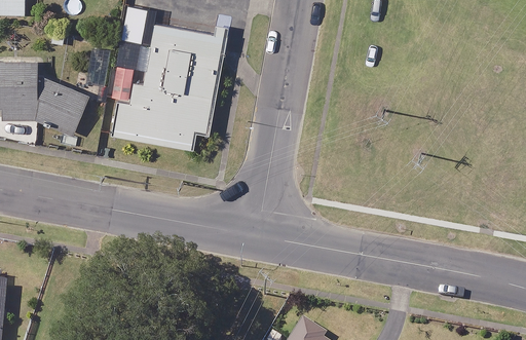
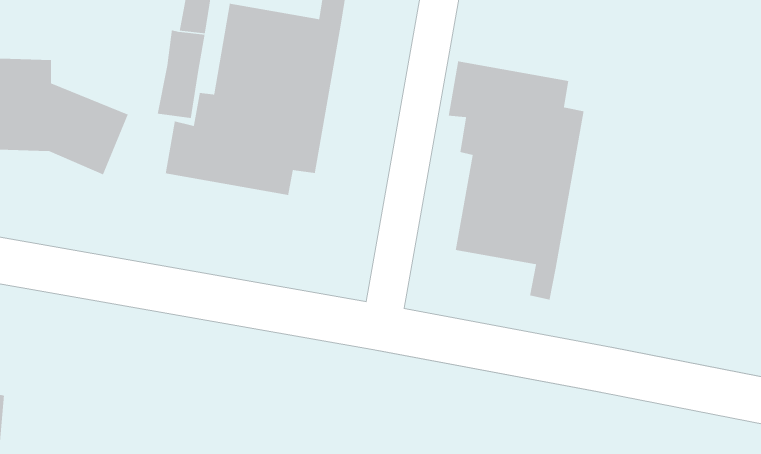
building: none -> [448,61,584,301]

